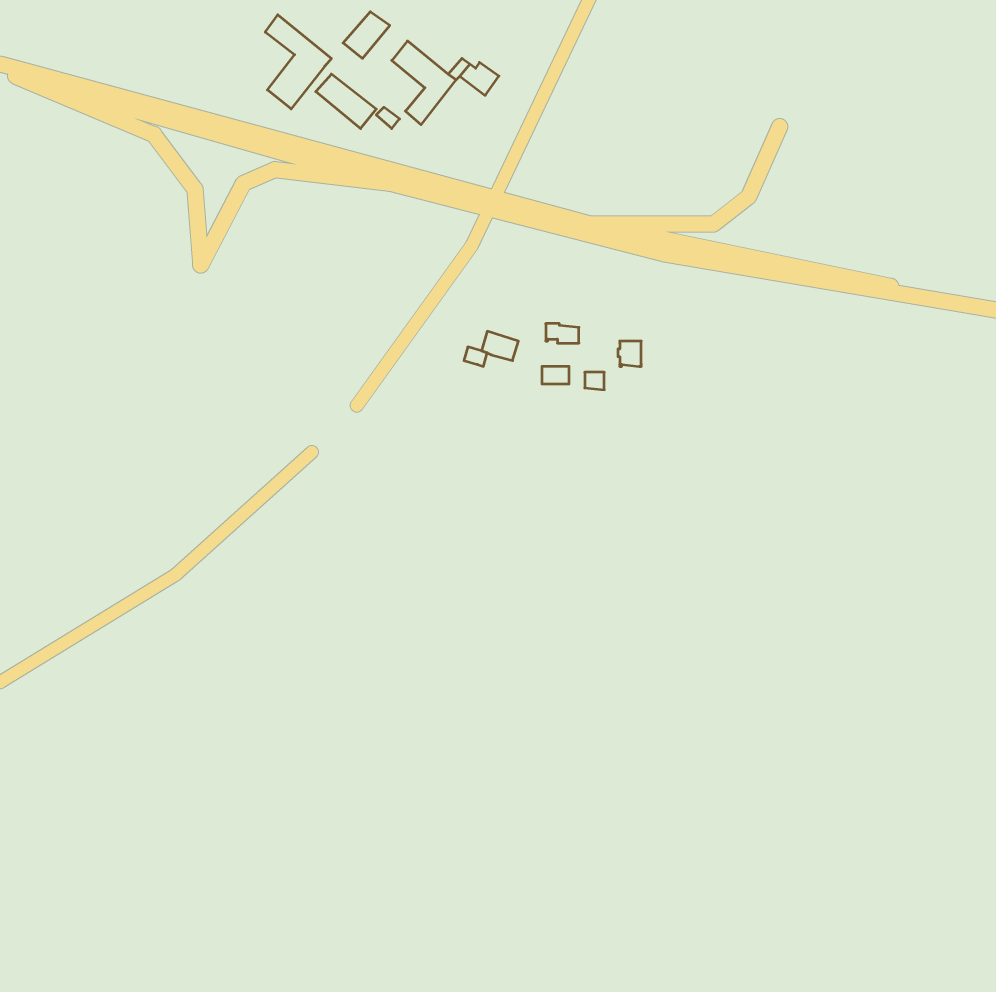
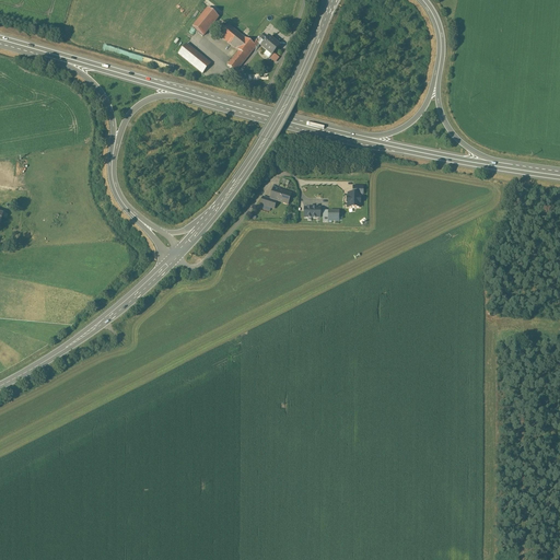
building: [265,15,331,109] -> none

